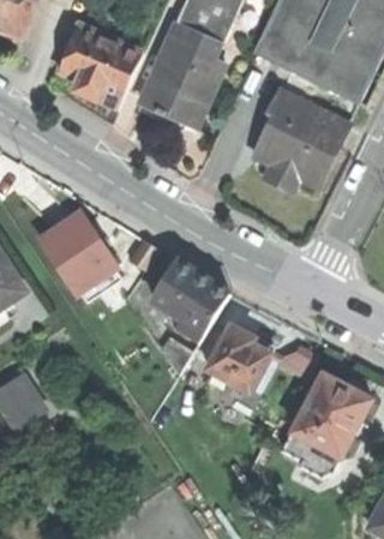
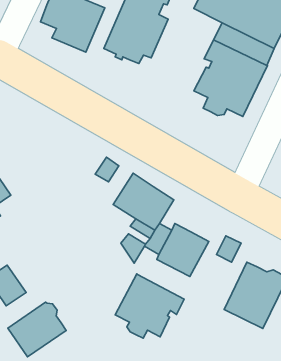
building: [34,204,119,295] -> none
building: none -> [115,274,184,338]
building: none -> [8,302,66,357]
building: [283,433,342,478] -> none

